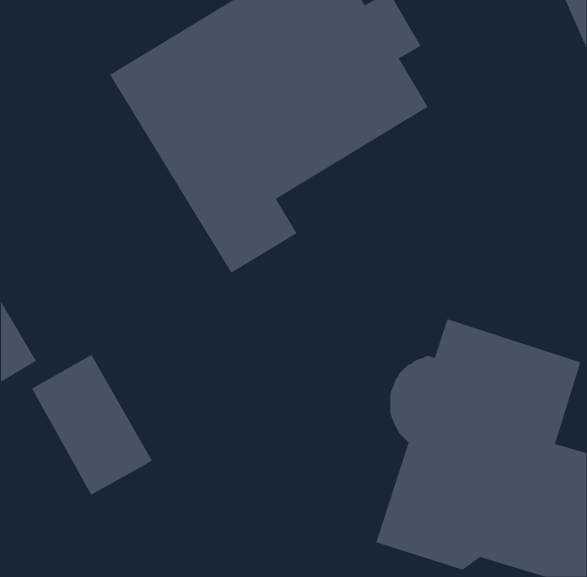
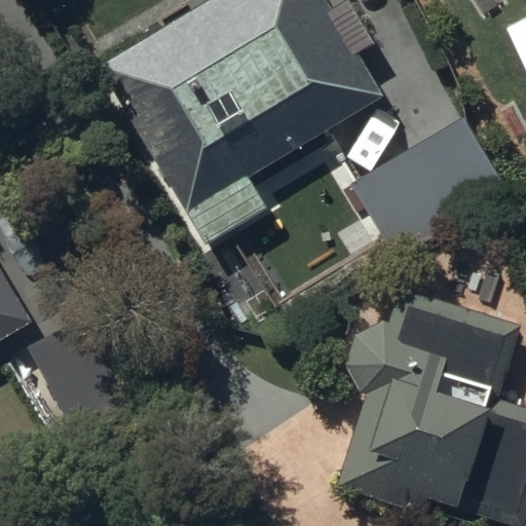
building: none -> [351,113,513,258]

